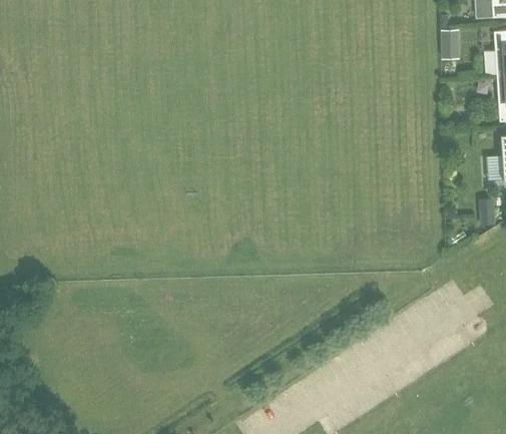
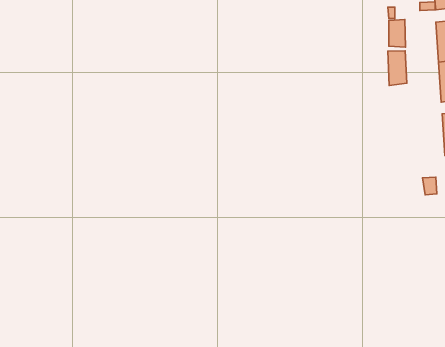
building: none -> [388,51,407,86]

